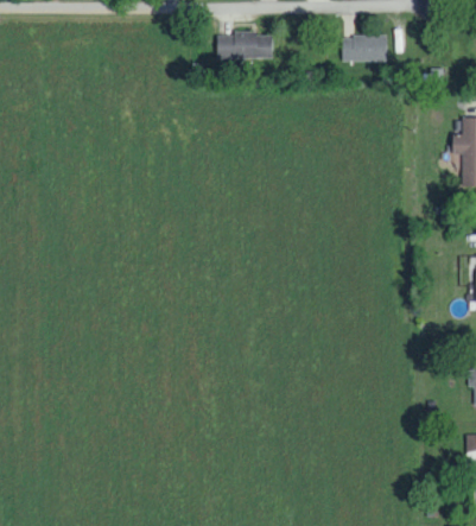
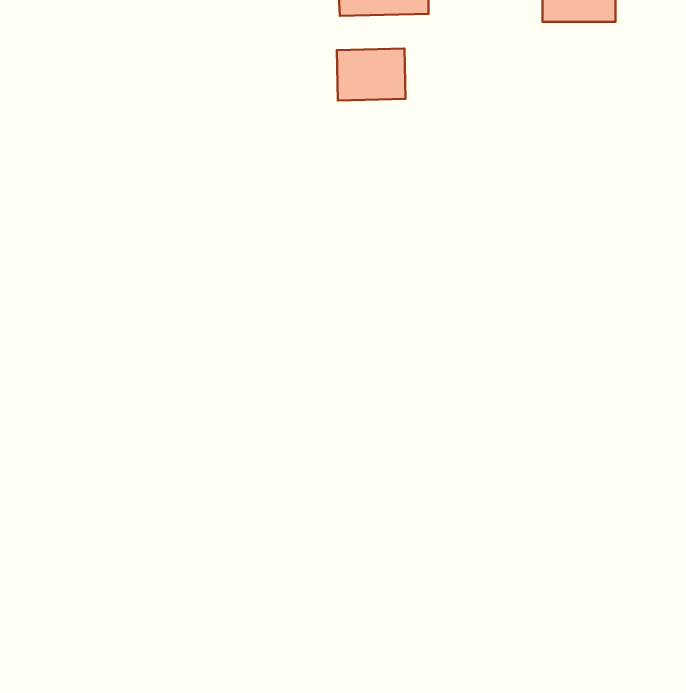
building: none -> [337,49,405,100]

